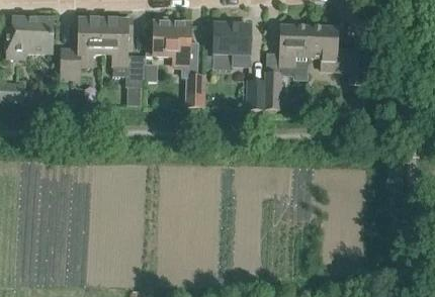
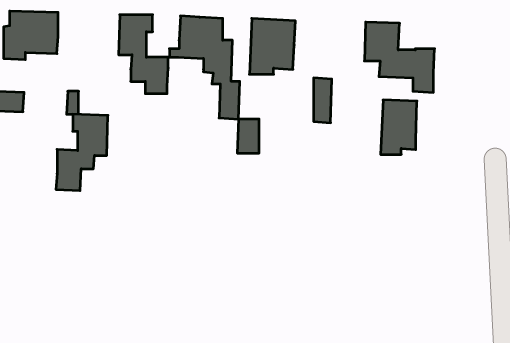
building: [61,18,104,82] -> [56,114,108,191]
building: [279,24,310,70] -> [381,100,417,154]
building: [248,80,266,108] -> [237,119,259,153]

